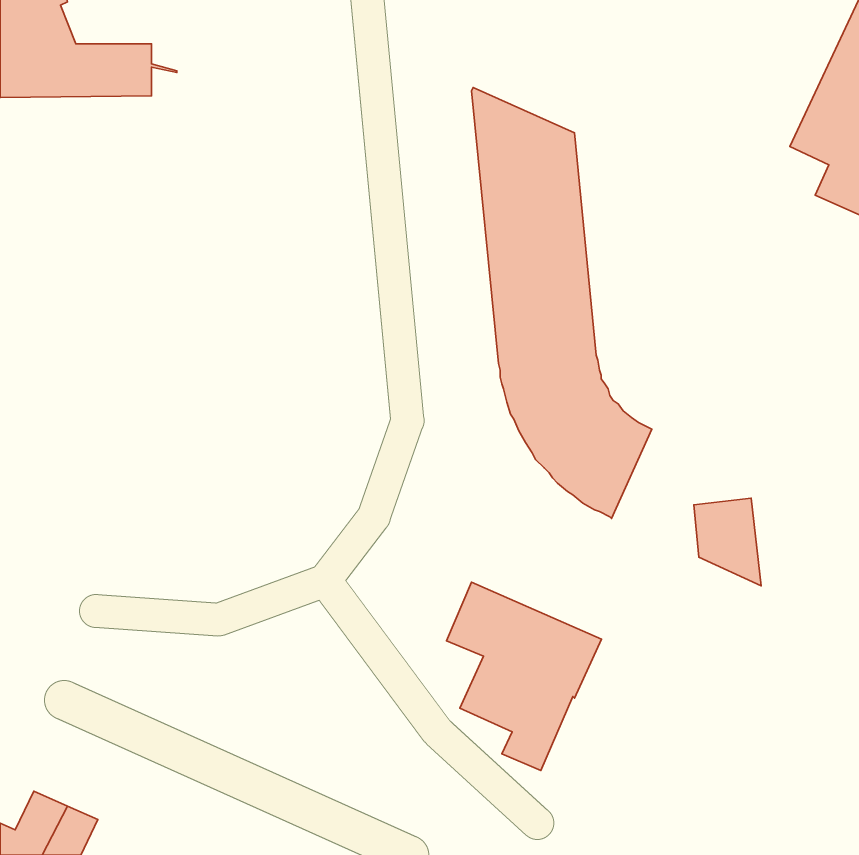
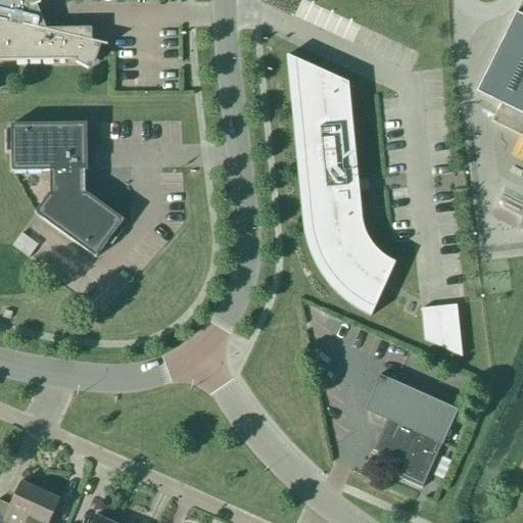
building: none -> [6,122,126,256]
building: [446,582,601,771] -> [366,372,460,486]

